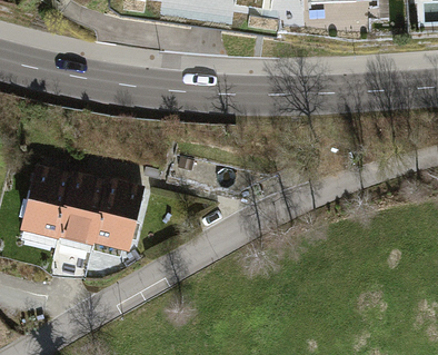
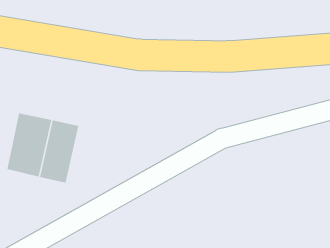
building: [96,180,148,263] -> none

